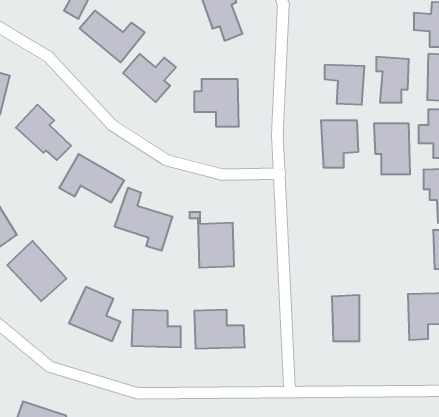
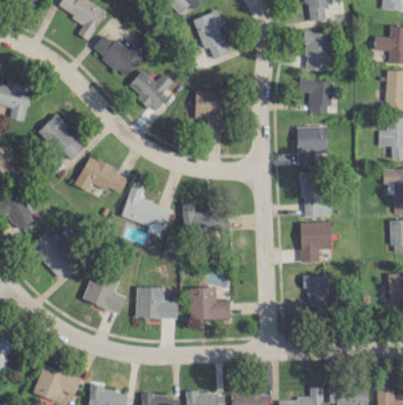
building: [376,57,409,103] -> [302,31,329,70]
building: [374,124,410,174] -> [299,172,329,215]
building: none -> [300,221,331,262]

